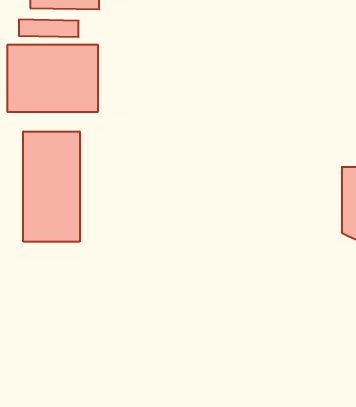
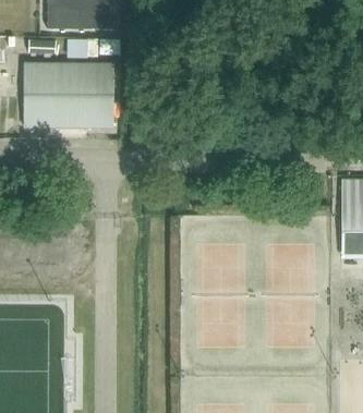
building: [23,131,80,242] -> none

